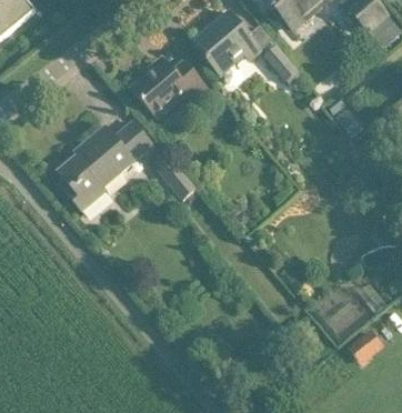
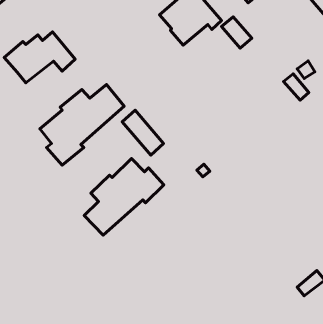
building: [131,59,211,117] -> [4,32,75,83]
building: none -> [84,159,164,235]

